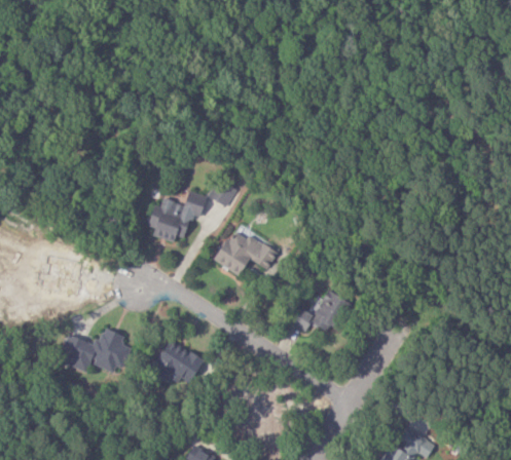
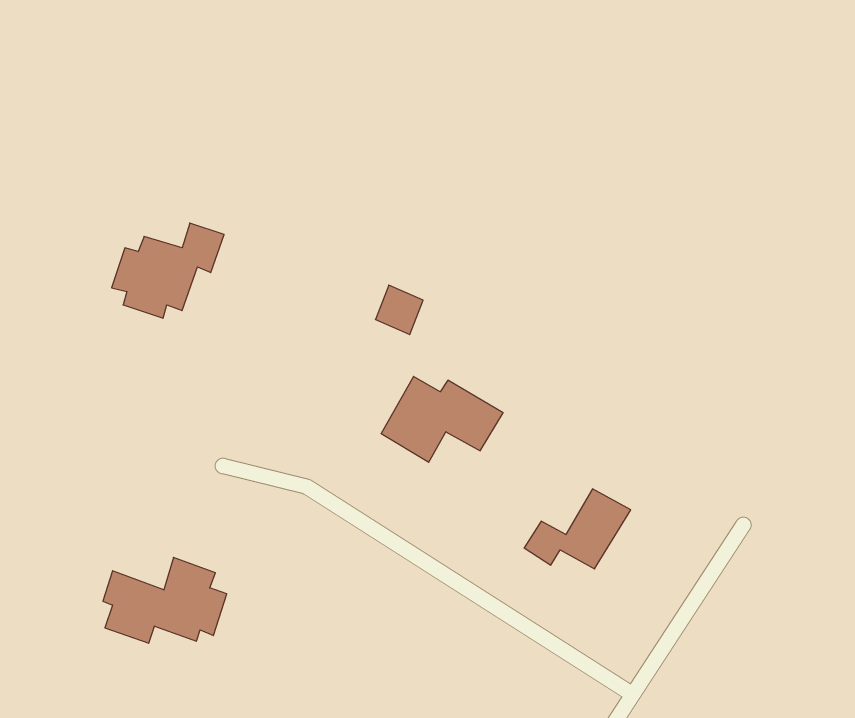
building: [146,190,207,241] -> [112,223,224,318]
building: [150,339,204,386] -> none

